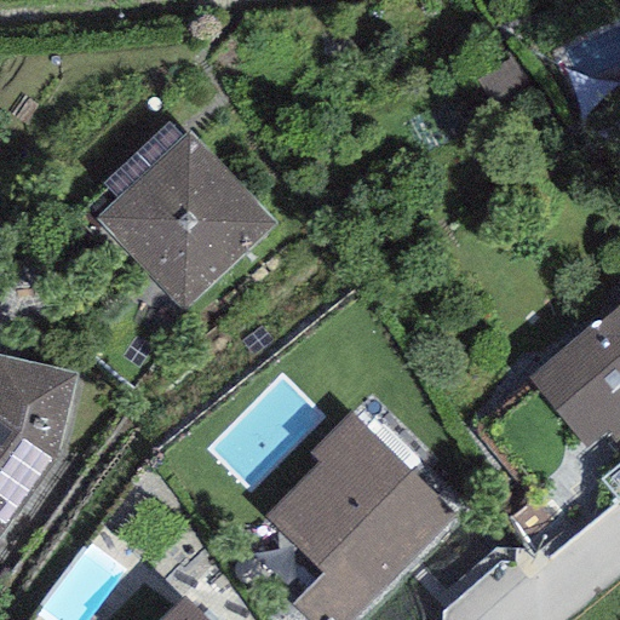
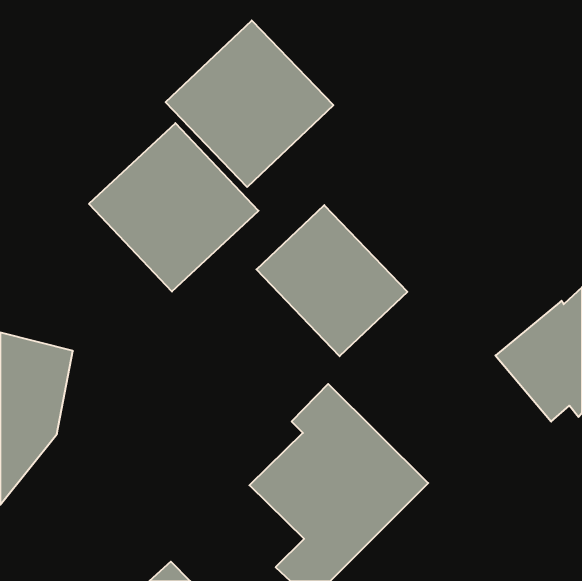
building: none -> [166,20,333,187]
building: none -> [256,205,407,356]

